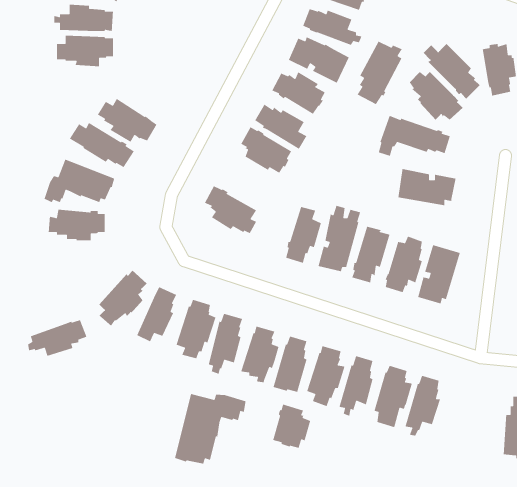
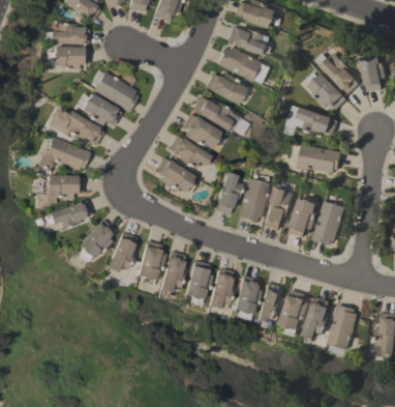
building: [356,40,403,105] -> none
building: none -> [94,71,139,111]
building: none -> [170,135,211,168]
building: [27,319,88,357] -> [48,200,92,228]
building: none -> [329,303,359,348]
building: [174,393,246,465] -> none
building: [272,403,311,449] -> none

